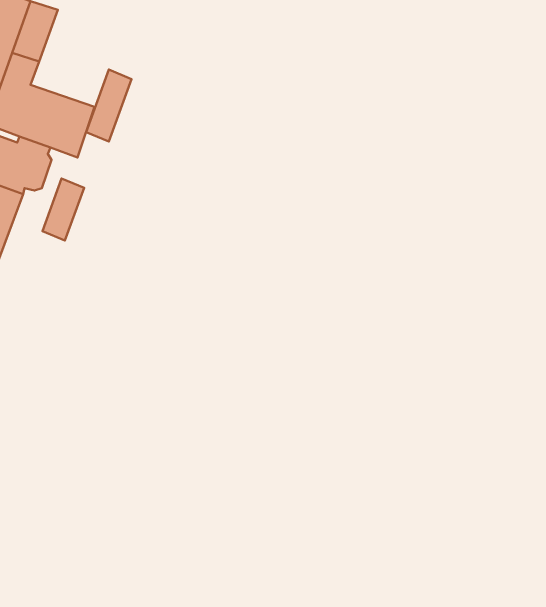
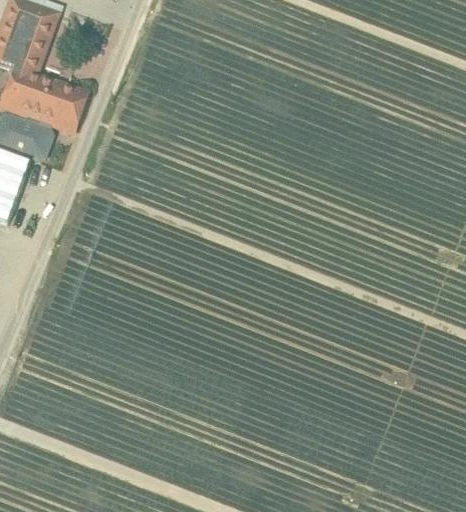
building: [86,70,131,142] -> none
building: [43,179,84,240] -> none

